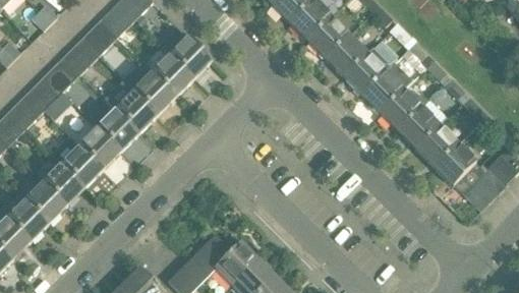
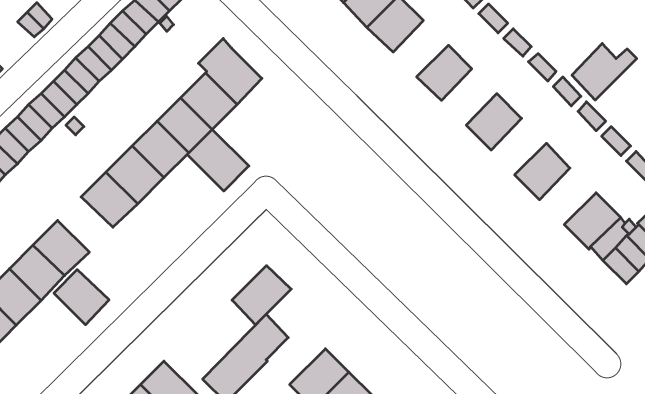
building: [308,16,349,58] -> none
building: [344,45,391,94] -> none
building: [381,89,428,130] -> [572,43,637,100]
building: none -> [187,129,249,191]
building: [416,125,458,167] -> none
building: [61,146,102,187] -> [54,270,109,325]
building: [215,241,258,285] -> [232,266,291,325]

